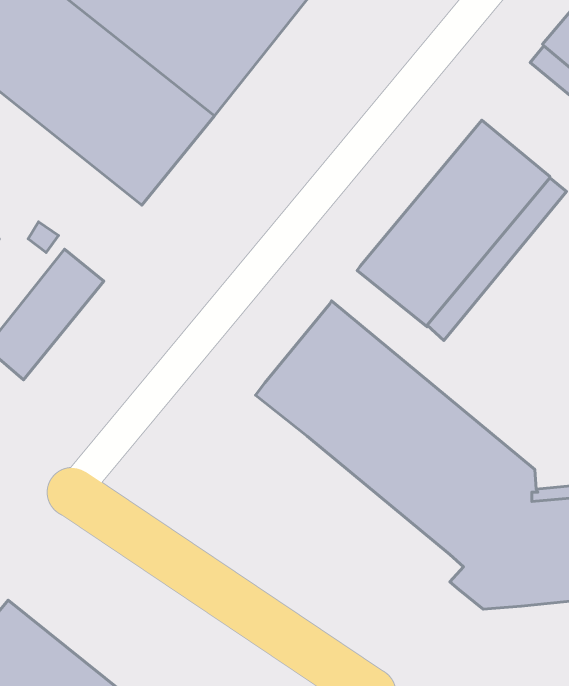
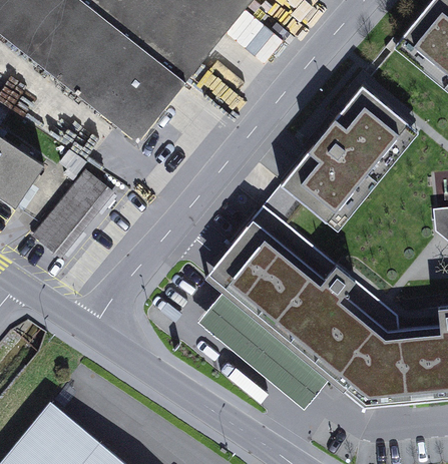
building: none -> [197,267,350,409]

